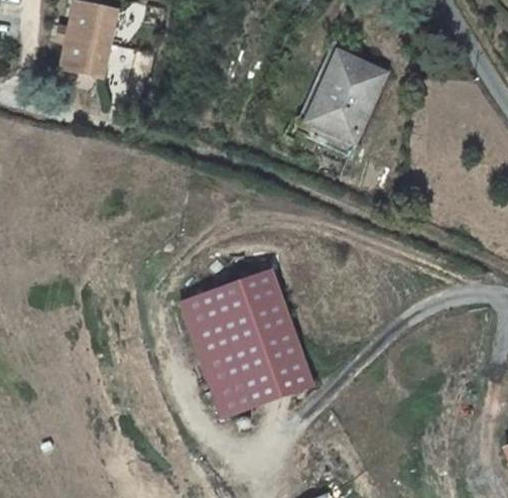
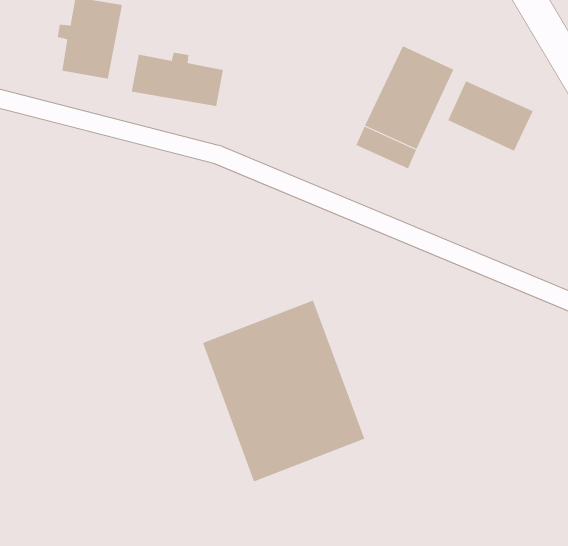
building: none -> [131,52,224,107]
building: none -> [447,81,533,152]

